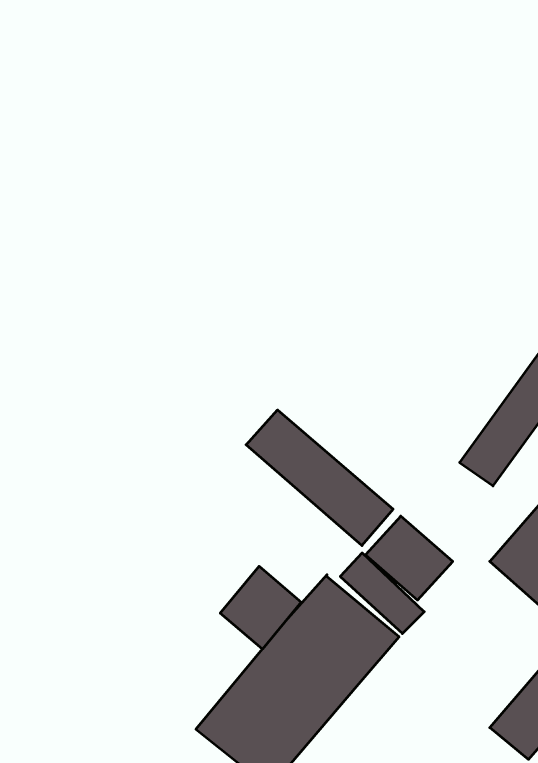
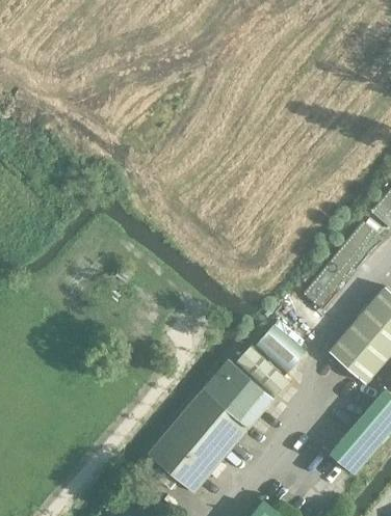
building: [246,410,393,546] -> none
building: [220,566,301,649] -> none

